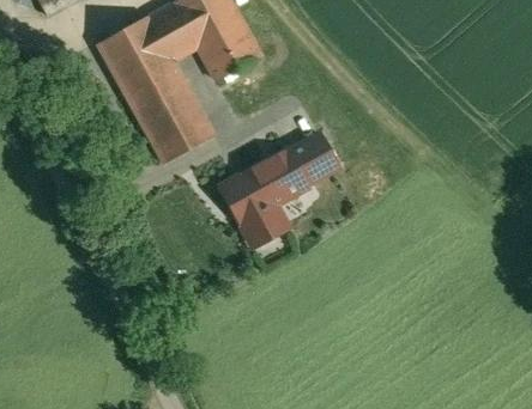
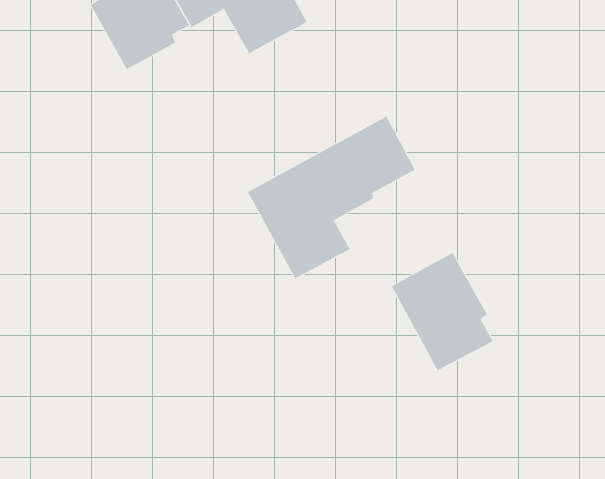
building: [125,59,214,163] -> none
building: none -> [391,252,494,372]

